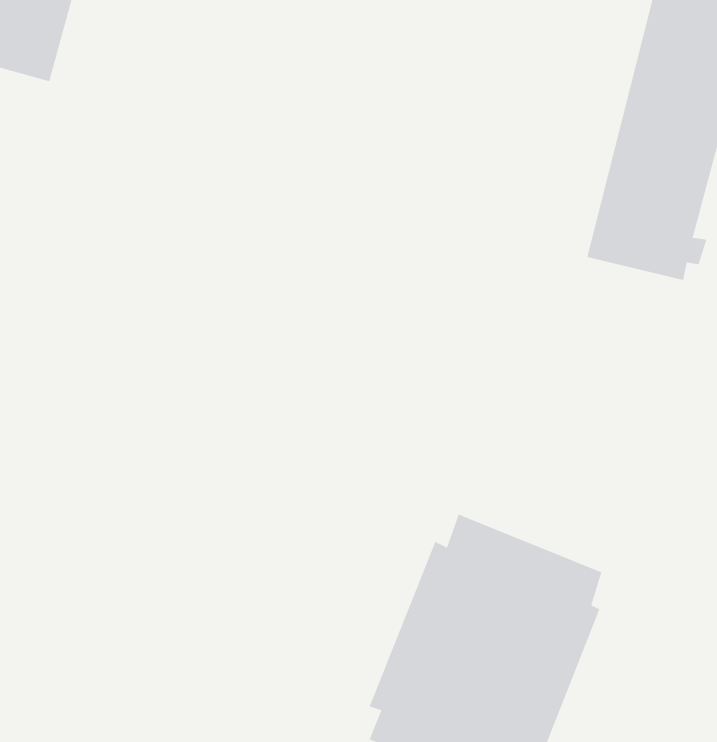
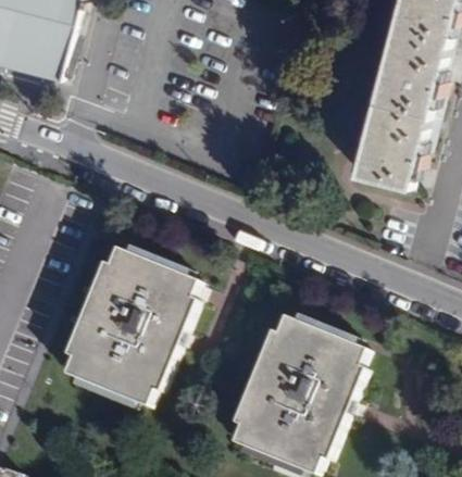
building: none -> [65,247,198,406]

